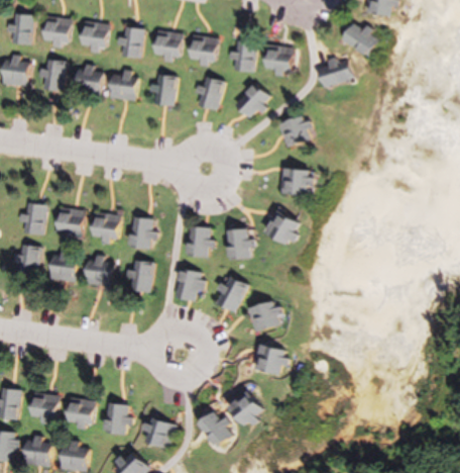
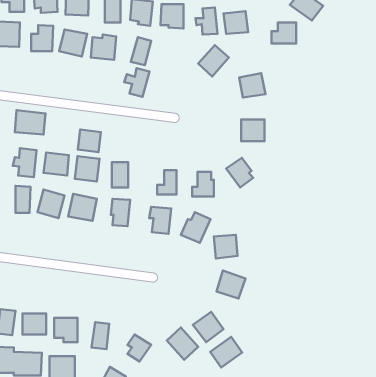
building: [195,77,224,110] -> [124,68,150,97]
building: none -> [15,110,46,135]
building: none -> [78,130,101,152]
building: none -> [210,337,242,367]

